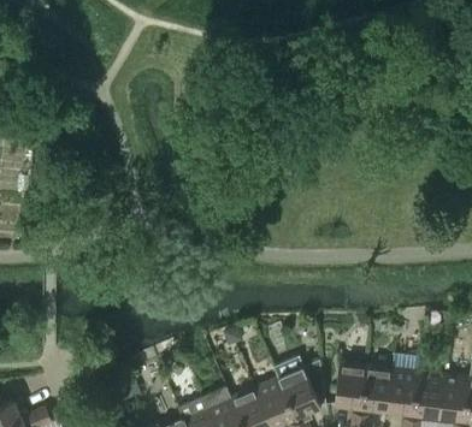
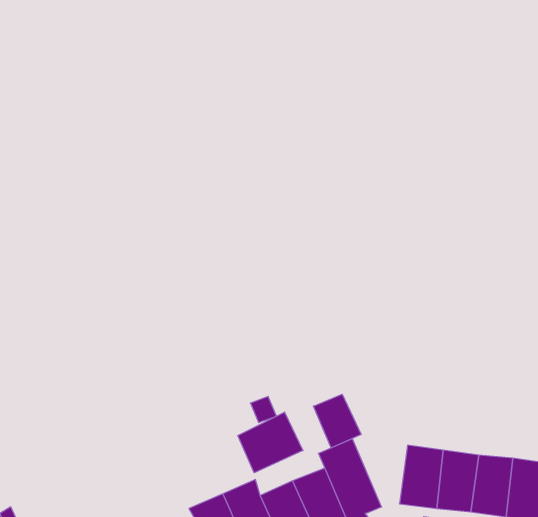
building: none -> [313,394,361,448]
building: none -> [238,412,303,473]

